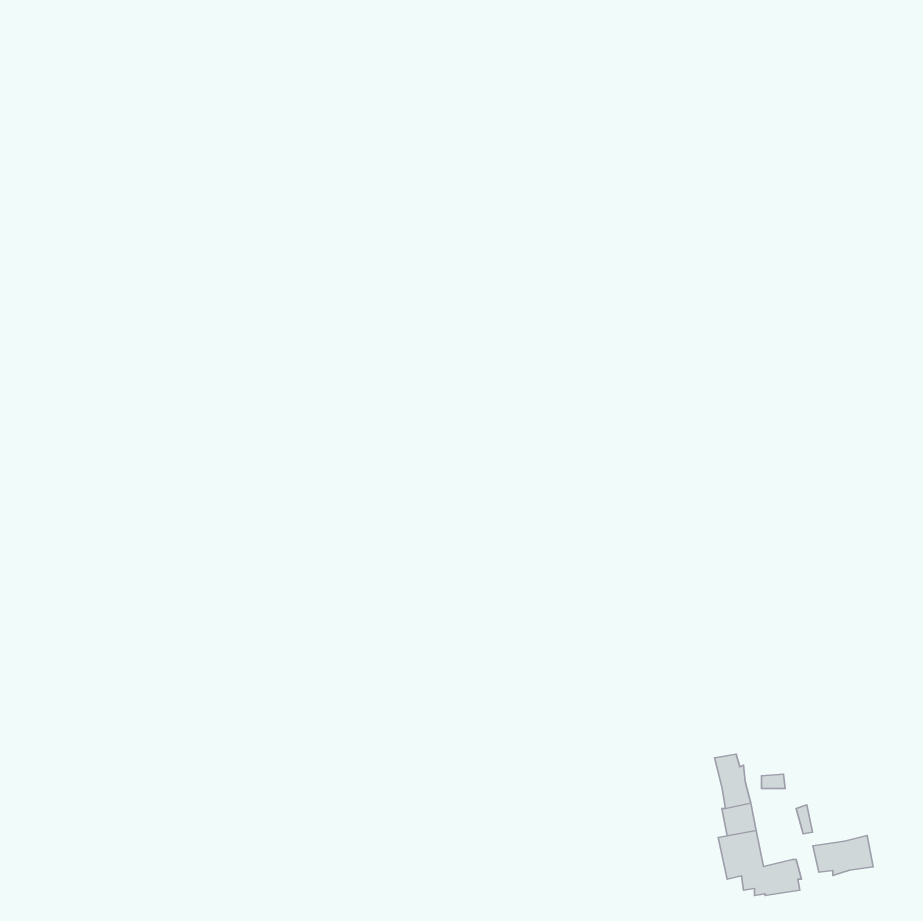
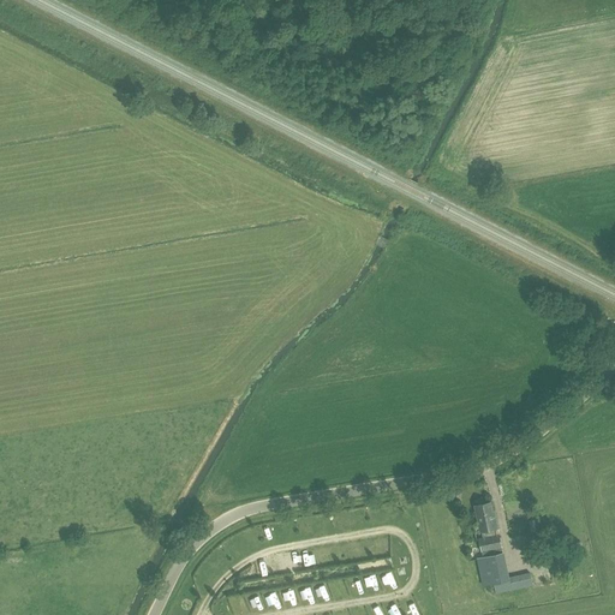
building: [813,836,873,876] -> none

